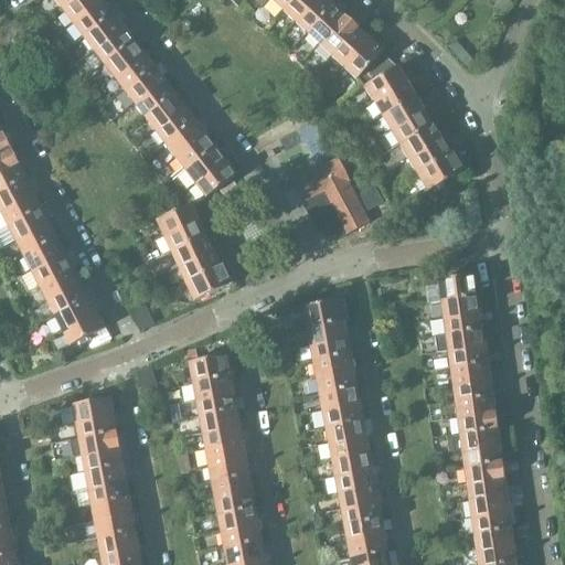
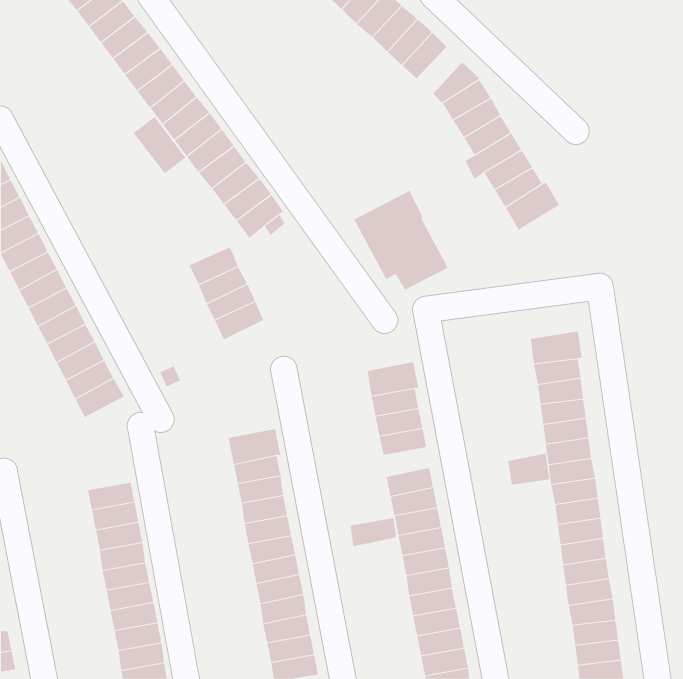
building: [344,39,382,77] -> none
building: none -> [133,116,187,174]
building: [185,260,236,299] -> none
building: [317,369,355,393] -> [350,517,397,547]
building: none -> [508,453,550,486]

